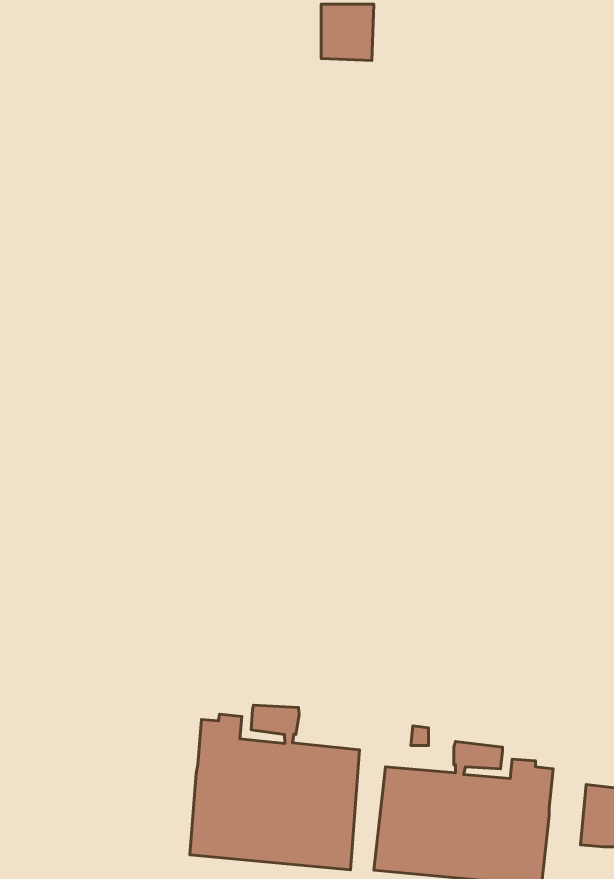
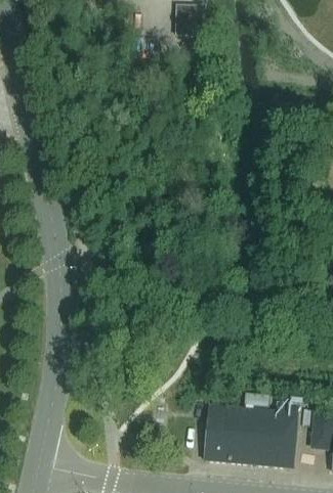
building: [190,705,359,870] -> none

